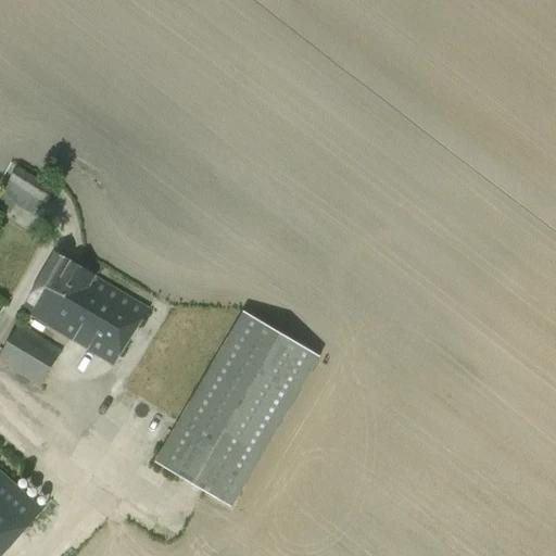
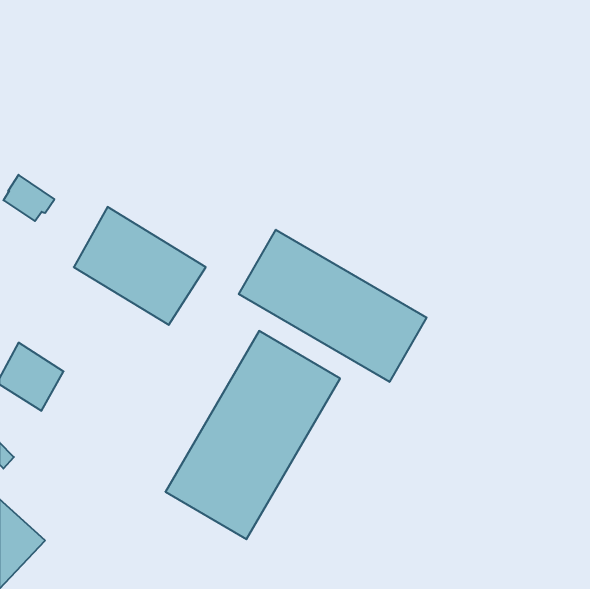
building: none -> [239,230,427,382]
building: [23,251,147,362] -> [74,207,206,325]

